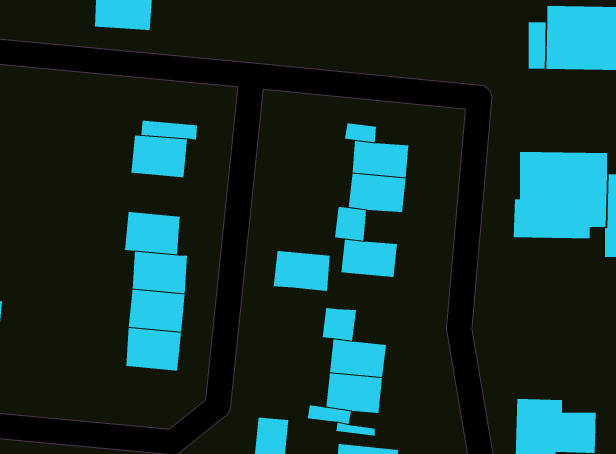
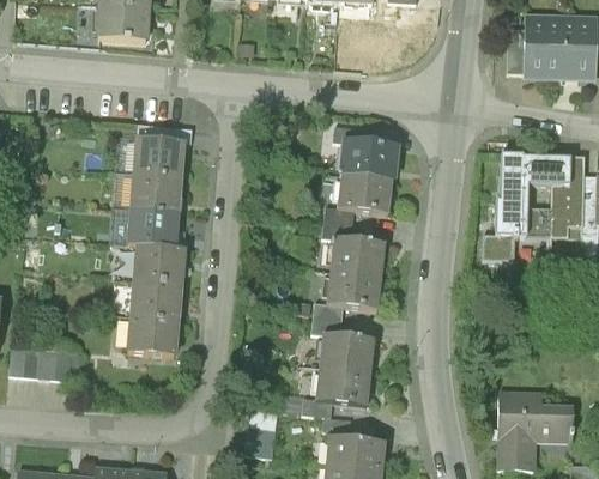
building: none -> [127,175,181,217]
building: [273,250,330,292] -> [327,271,382,310]
building: none -> [11,348,84,383]

